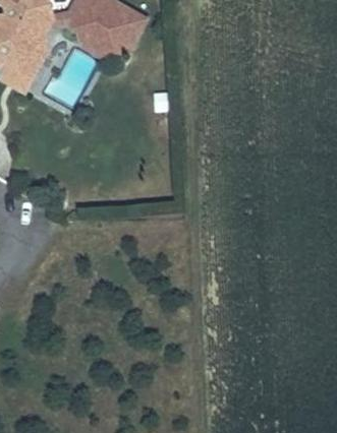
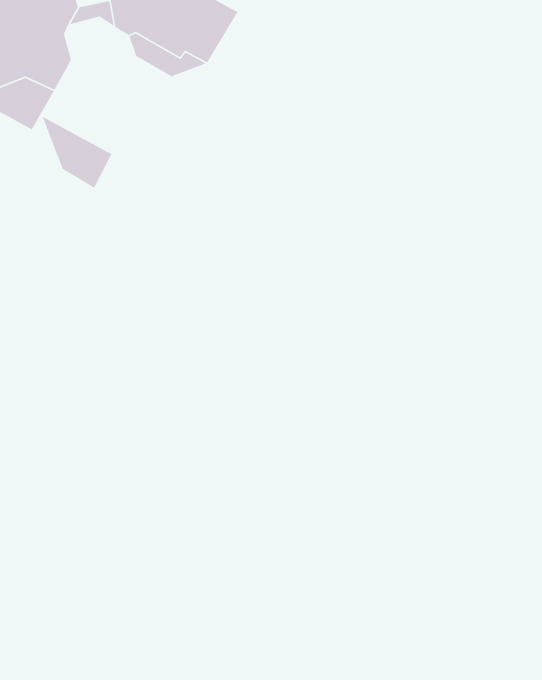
building: none -> [41,115,113,189]

